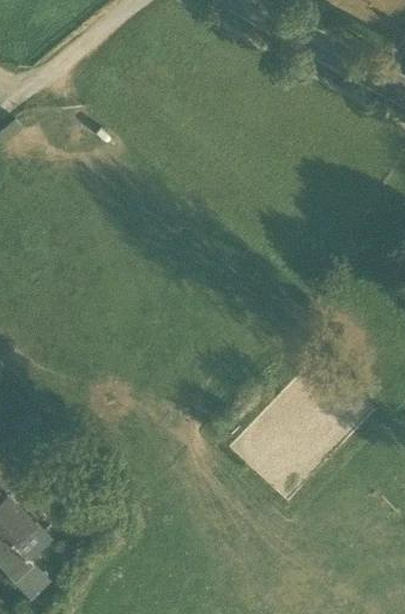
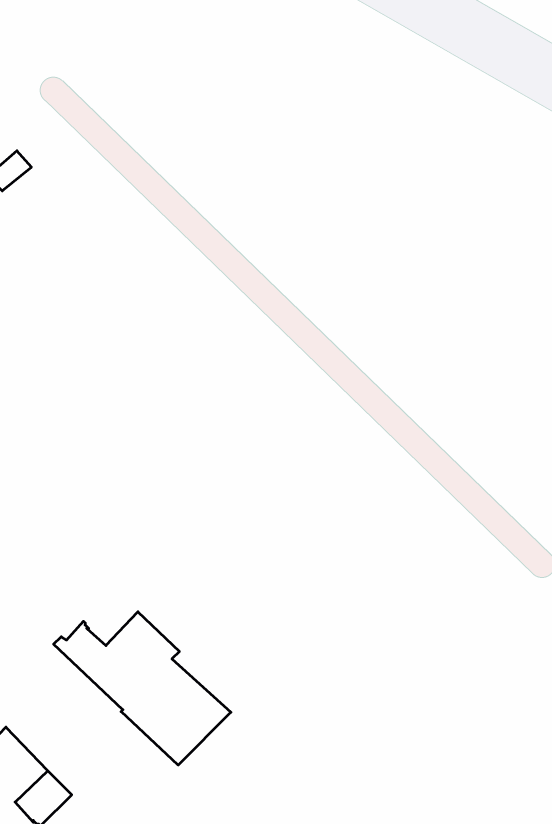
building: none -> [54,612,231,765]

